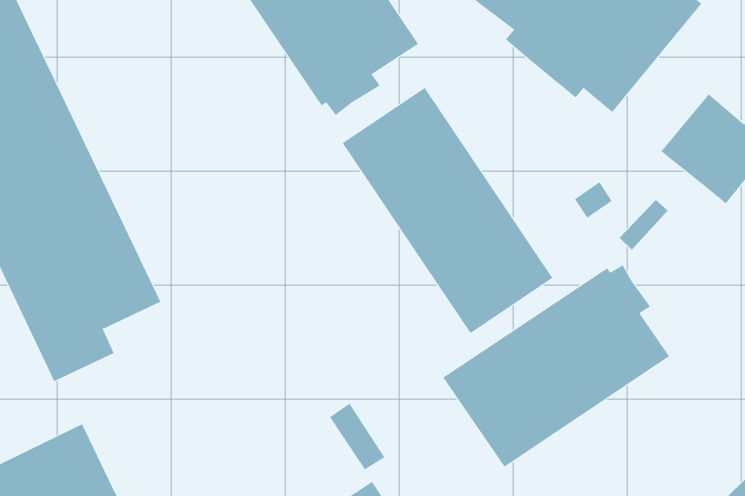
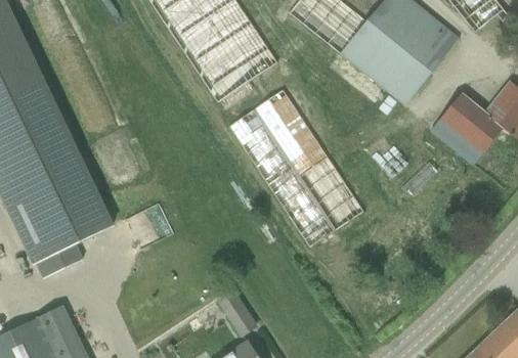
building: [443,264,670,468] -> none

